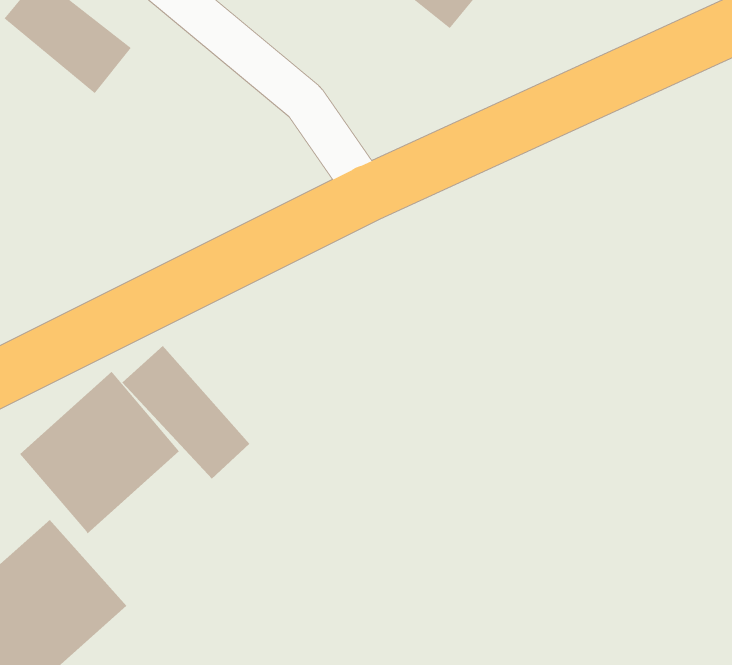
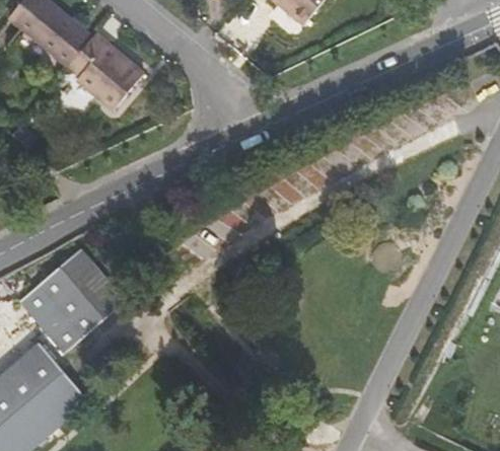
building: none -> [68,31,143,108]
building: [122,345,250,480] -> none

